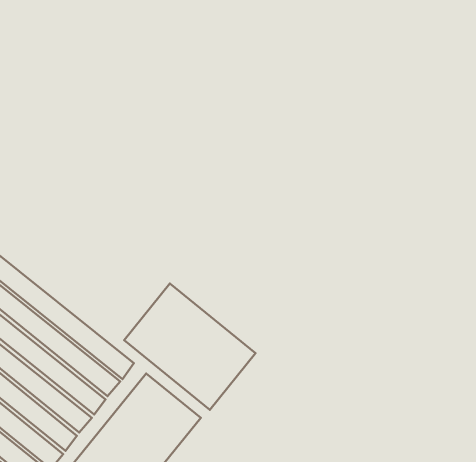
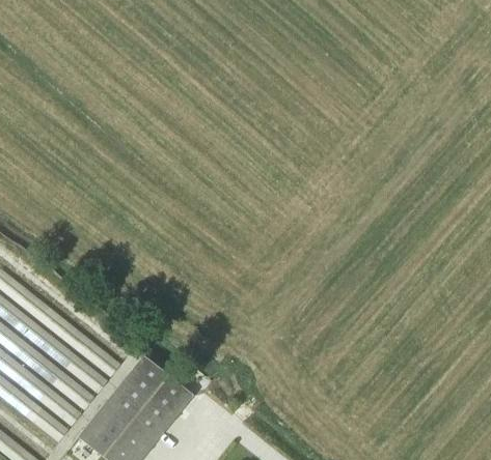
building: [124,284,256,410] -> none

